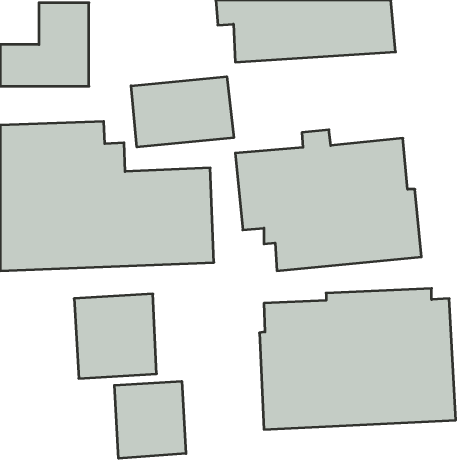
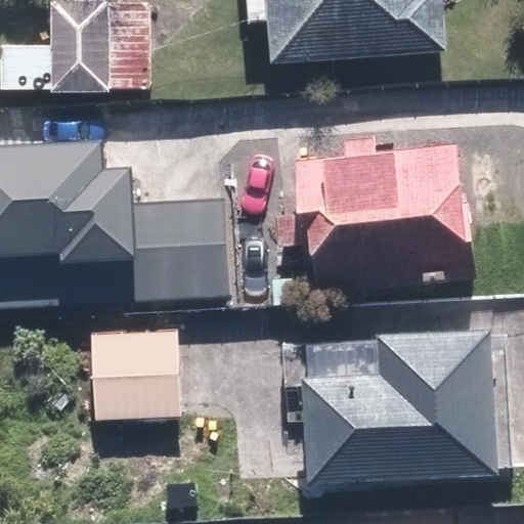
building: [131,77,234,147] -> none
building: [114,381,186,458] -> none

